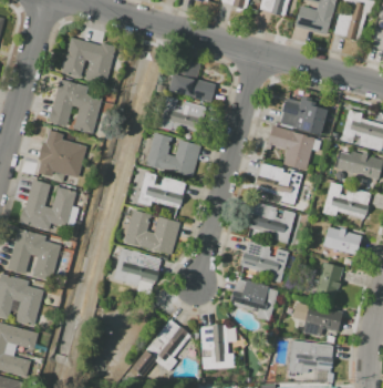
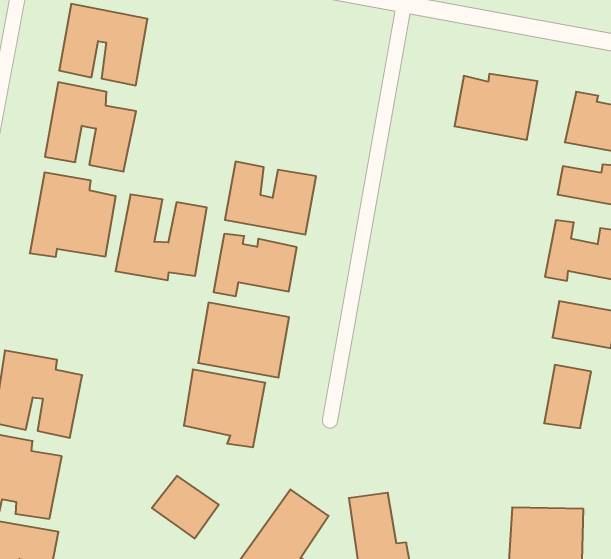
building: [173,59,216,102] -> none
building: [165,98,208,124] -> none
building: [267,125,315,171] -> none
building: [257,164,302,205] -> none
building: [21,178,75,228] -> [115,194,207,280]
building: [248,202,296,243] -> none
building: [244,241,288,282] -> none
building: [231,279,278,321] -> none
building: [292,300,343,336] -> none
building: none -> [152,476,219,539]

